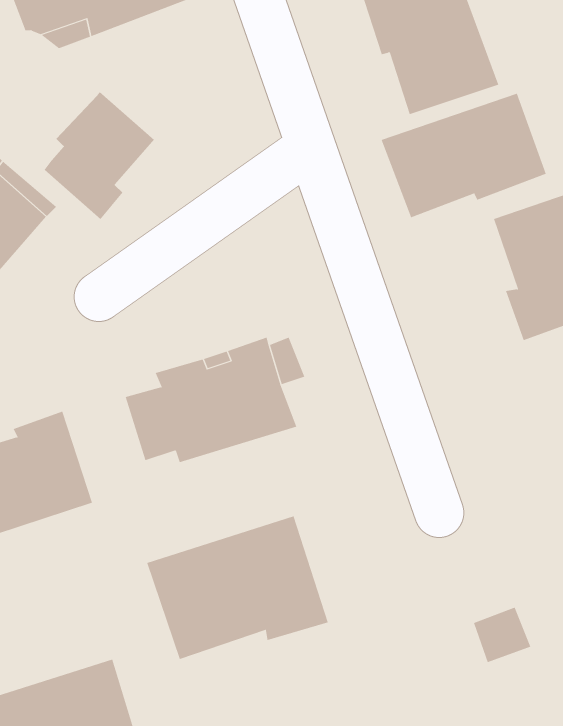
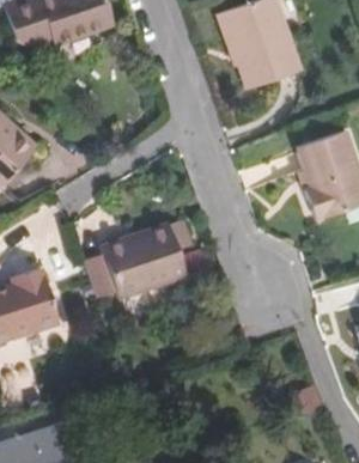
building: [44,91,155,220] -> none
building: [381,93,546,218] -> none
building: [147,515,328,660] -> none

